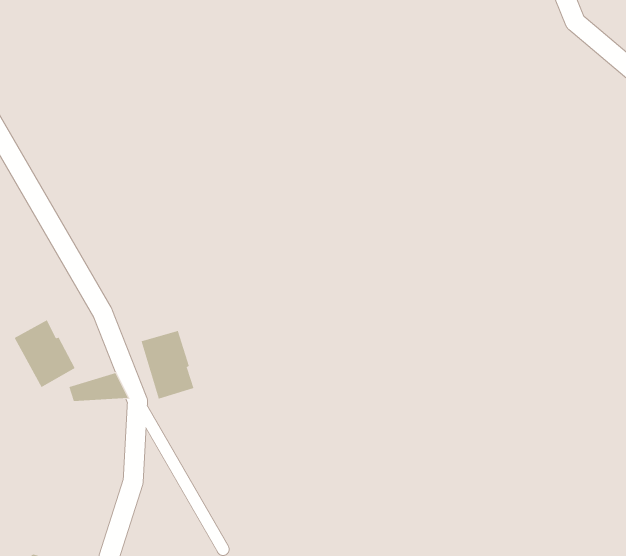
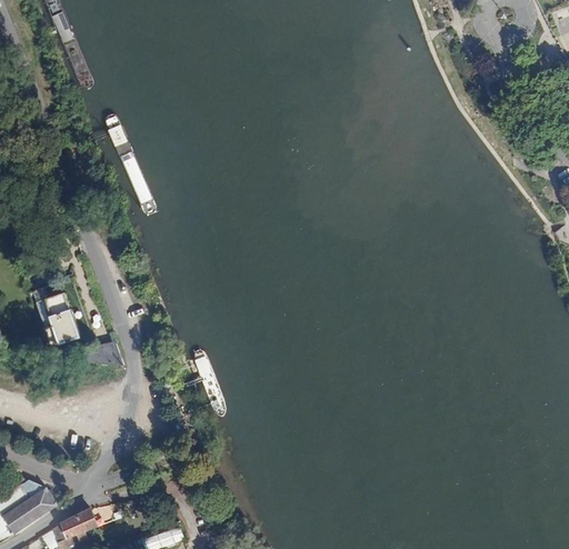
building: [141,330,194,399] -> none

